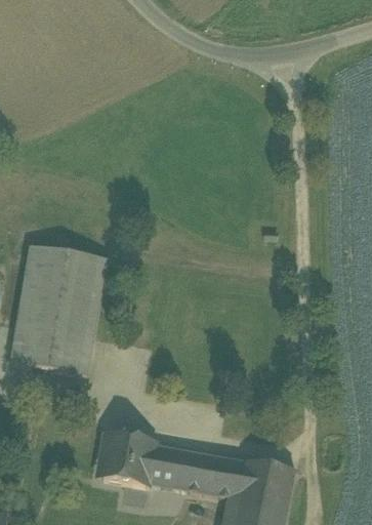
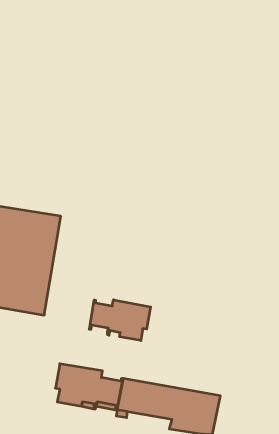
building: none -> [89,300,151,341]

